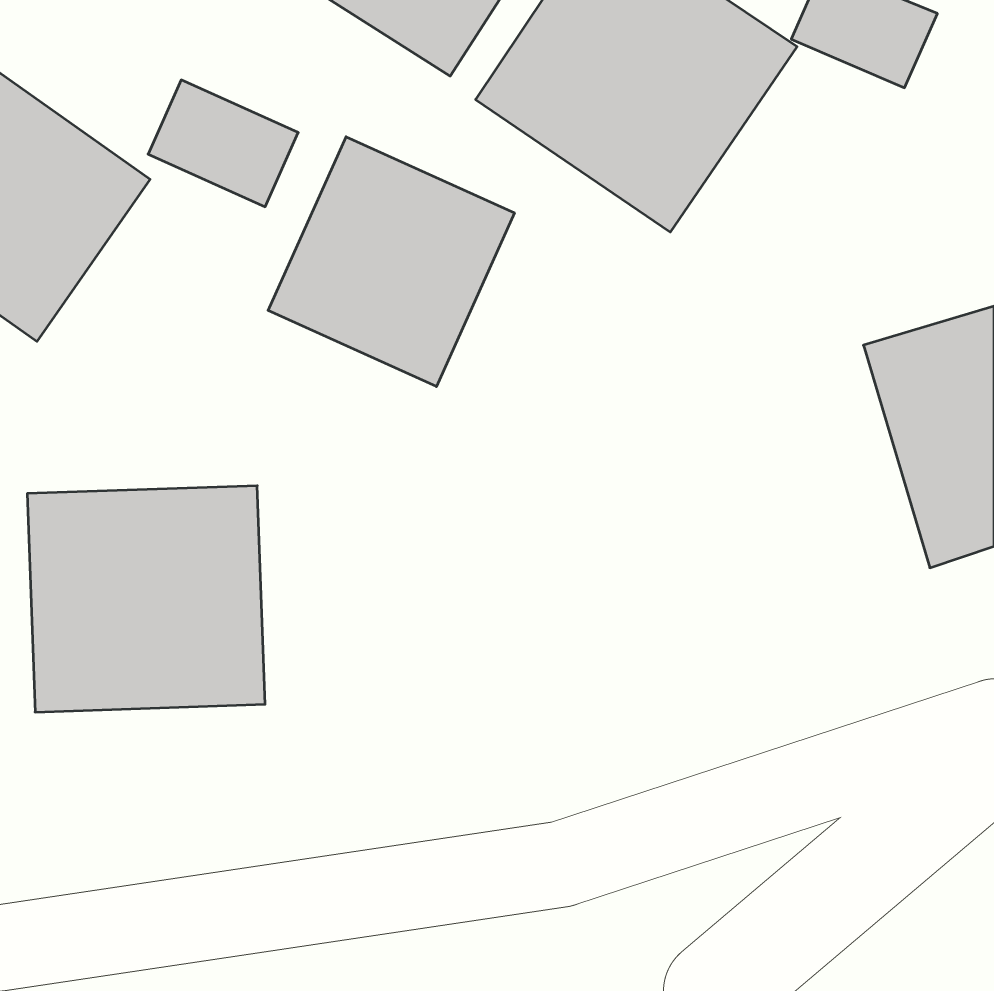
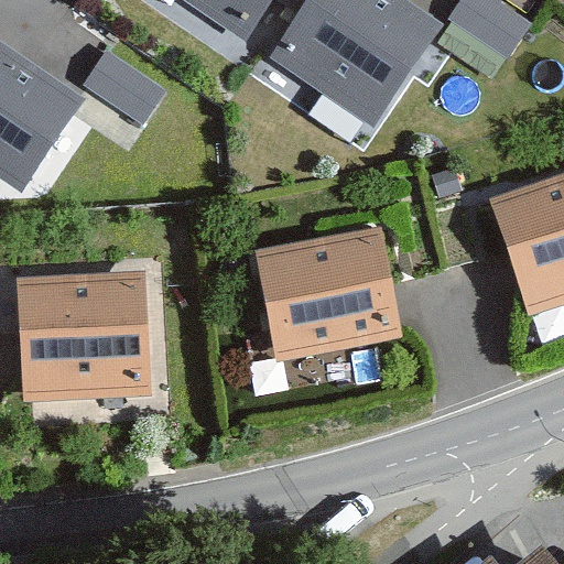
building: [268,137,514,387] -> none
building: none -> [253,225,409,360]

